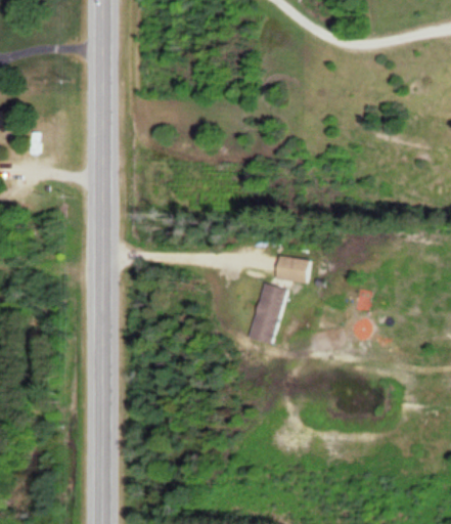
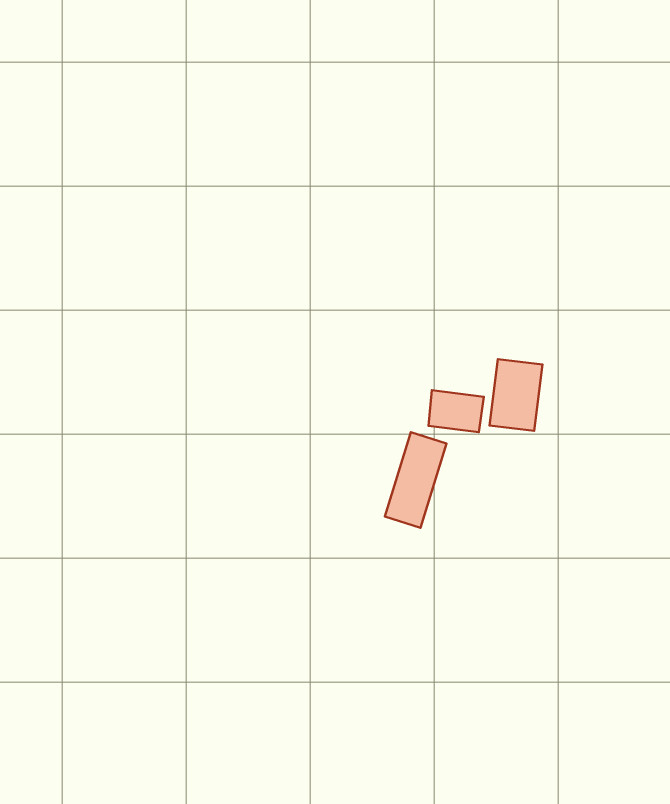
building: none -> [489,359,542,431]

